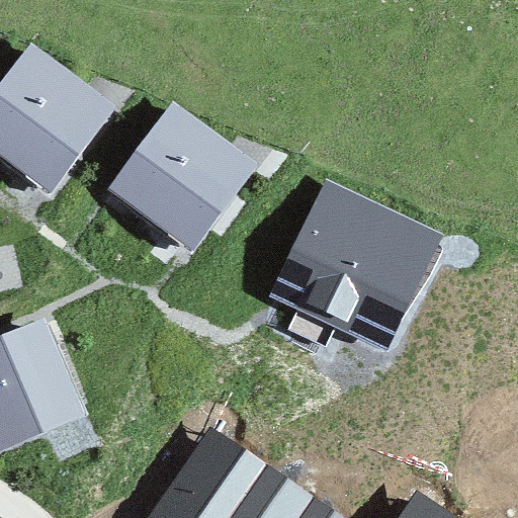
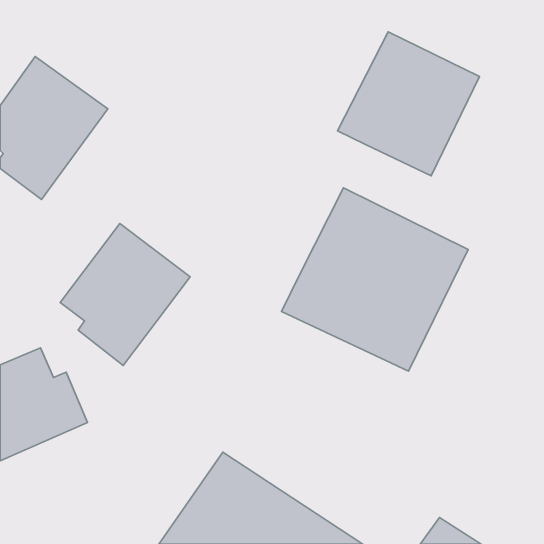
building: none -> [338,32,479,176]
building: [121,112,245,247] -> [60,224,190,366]

